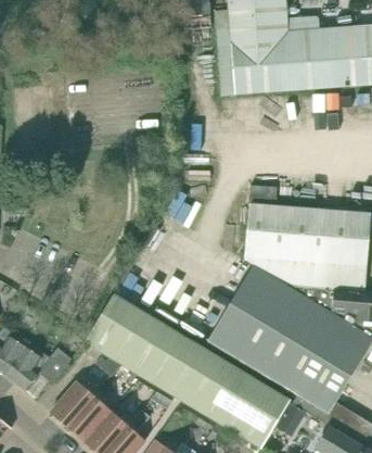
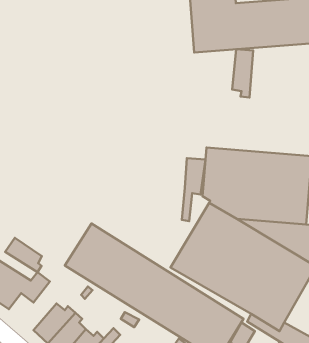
building: none -> [232,49,253,97]
building: none -> [182,158,206,221]
building: none -> [5,238,42,272]

